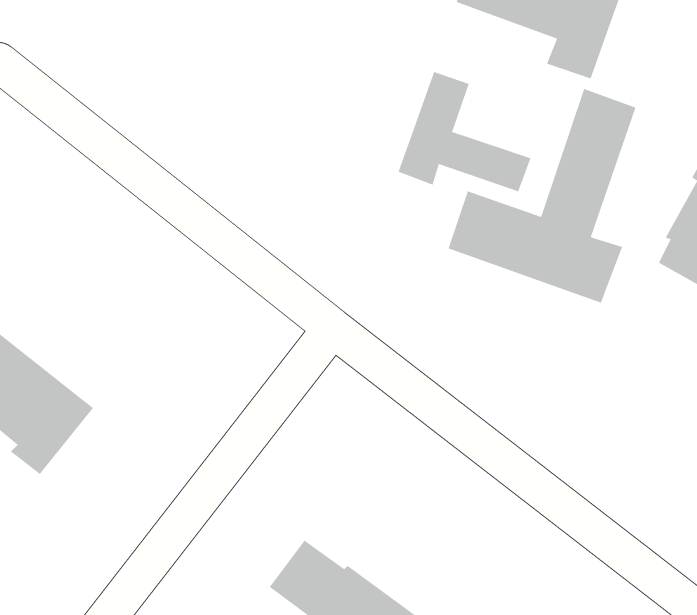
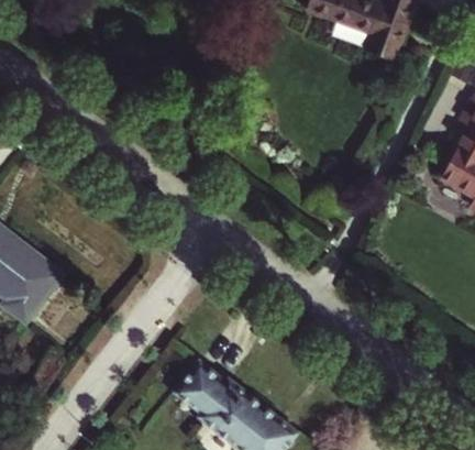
building: [398,71,531,192] -> none
building: [448,88,636,304] -> none

